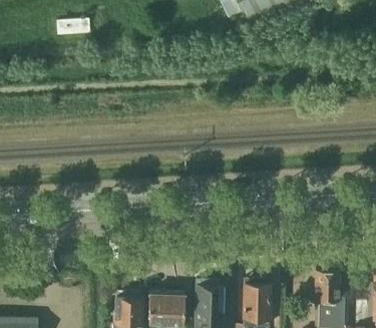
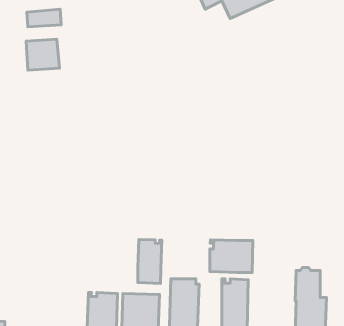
building: none -> [26,39,60,70]
building: none -> [138,240,162,283]
building: none -> [210,240,253,272]

